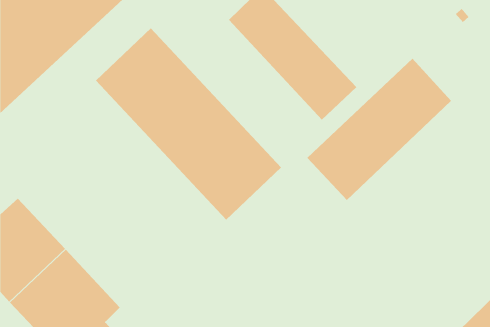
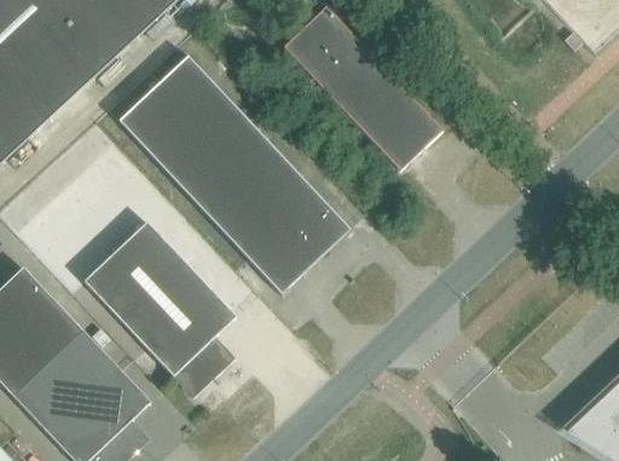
building: [307,58,452,201] -> none
building: none -> [83,220,236,396]

